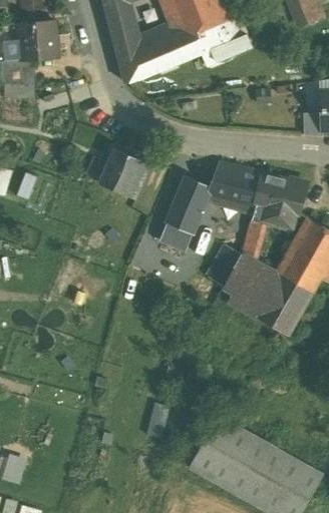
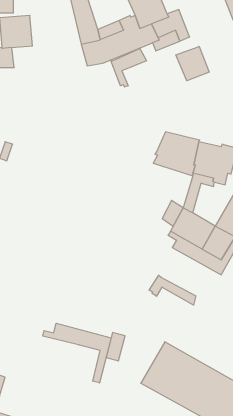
building: none -> [176,46,209,81]
building: none -> [111,49,147,87]
building: [100,148,149,196] -> none
building: [156,175,210,260] -> none
building: none -> [149,275,196,305]
building: none -> [43,323,111,383]

